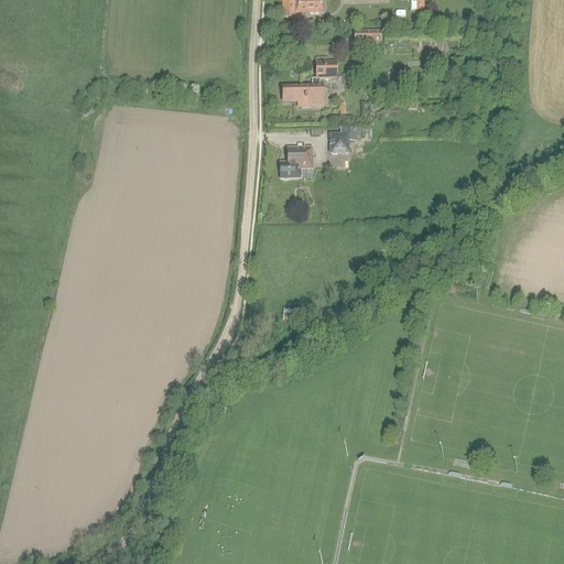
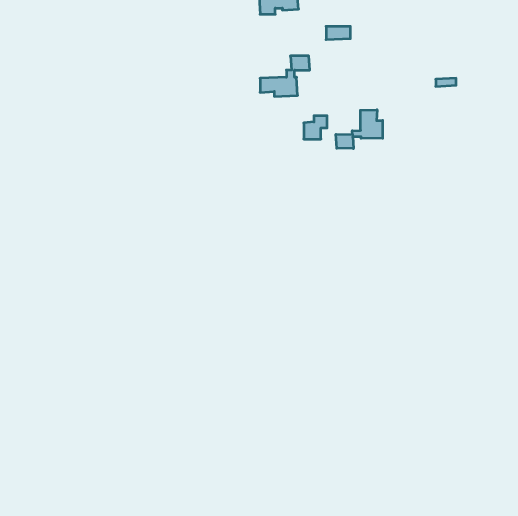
building: none -> [336,110,383,149]
building: [281,147,313,177] -> none

